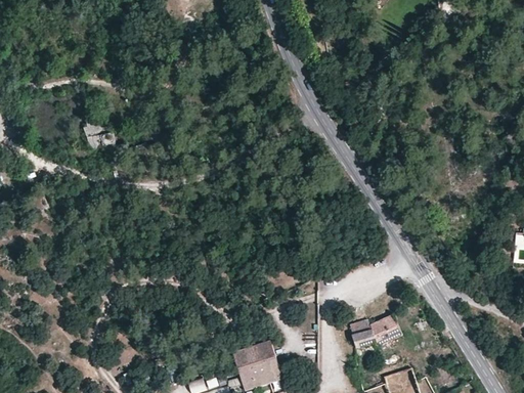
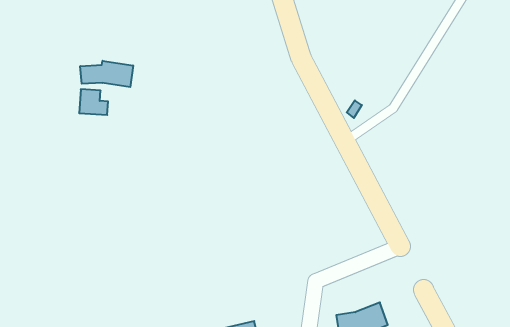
building: none -> [80,61,133,87]

